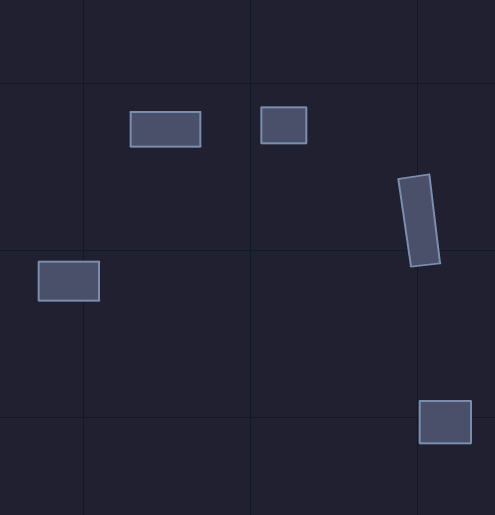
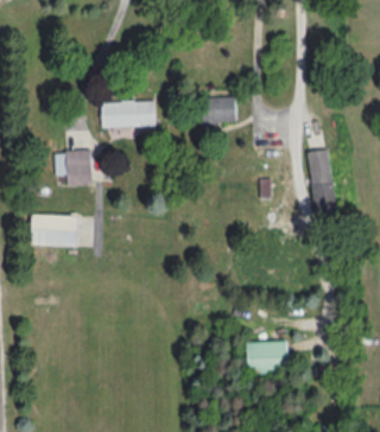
building: none -> [55,151,90,184]
building: [420,401,471,443] -> [247,341,286,373]

